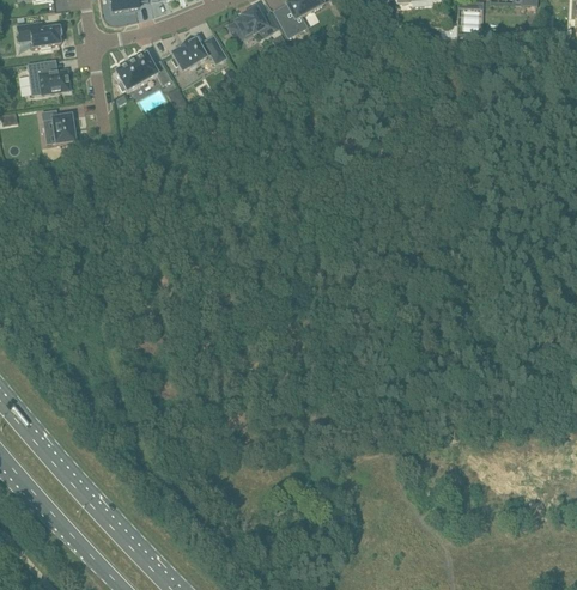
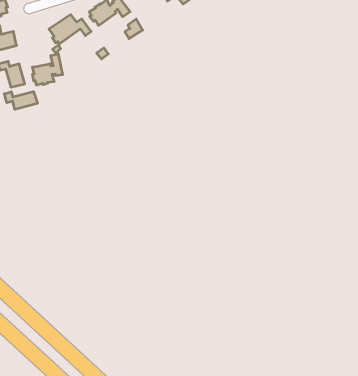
building: none -> [32,54,63,85]
building: none -> [4,92,37,109]

